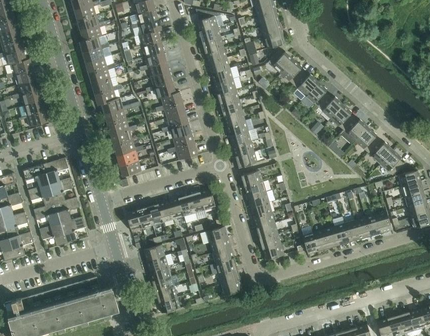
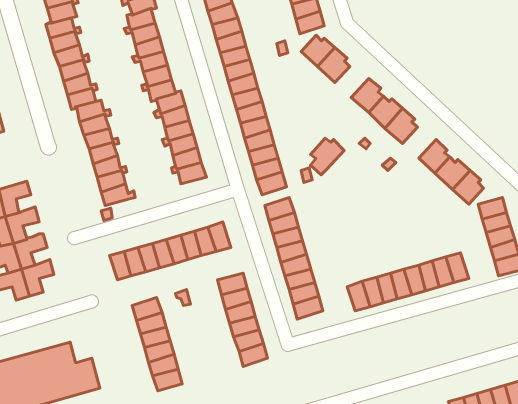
building: [293,73,318,100] -> [310,138,344,175]
building: [339,118,368,145] -> none

